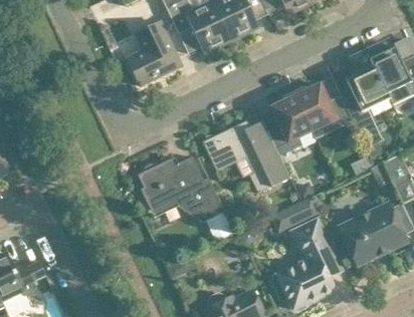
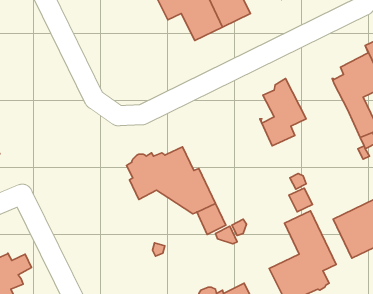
building: [127,20,181,84] -> none
building: [292,82,353,137] -> none
building: [202,119,290,192] -> none

